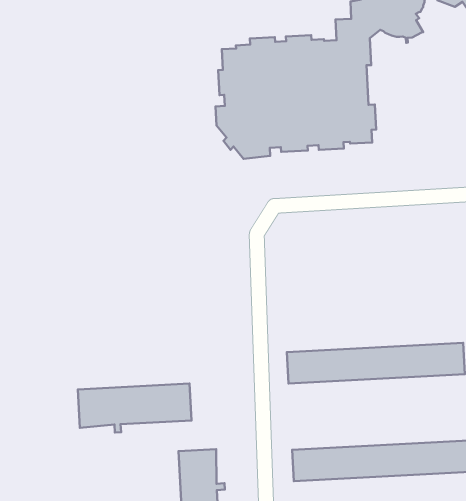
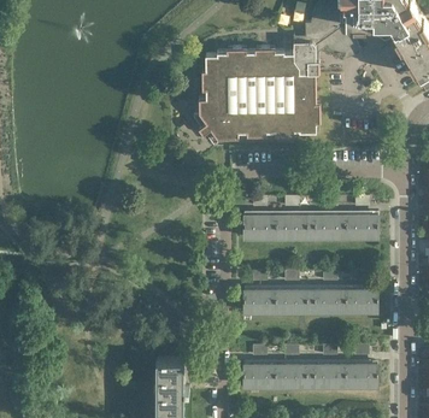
building: none -> [245,213,378,237]
building: [78,383,191,433] -> none

